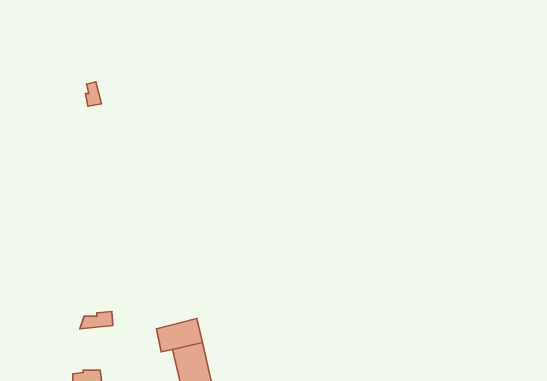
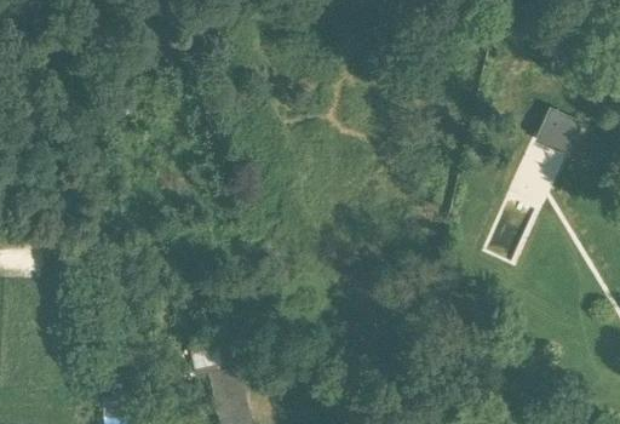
building: none -> [536,115,580,155]

